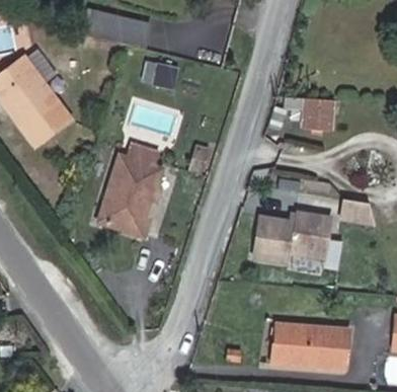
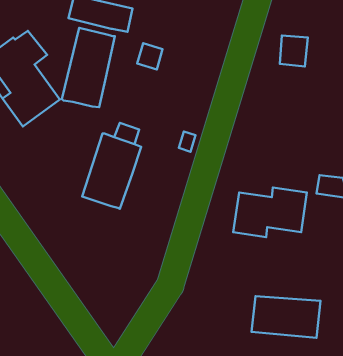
building: none -> [62,28,115,107]
building: [306,99,335,132] -> [280,36,308,67]

